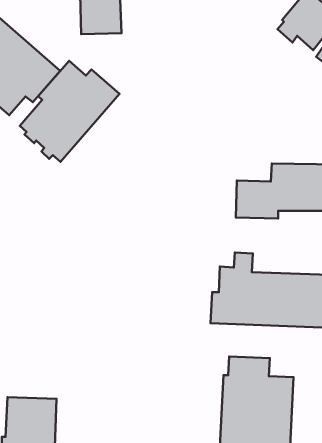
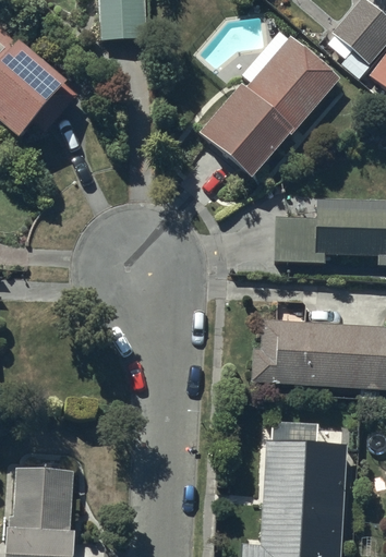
building: none -> [200,20,342,179]
building: [20,61,119,162] -> none

